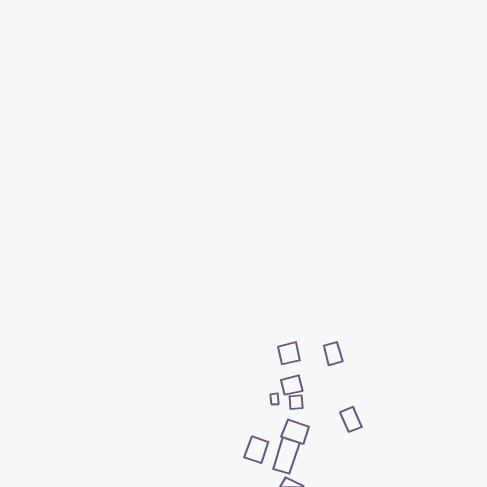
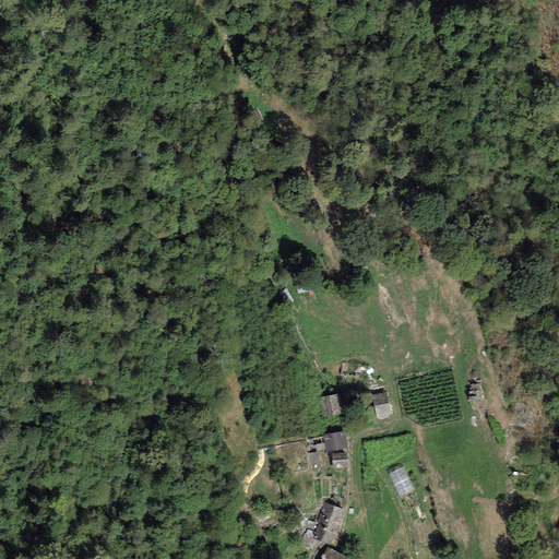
building: [281,419,309,444] -> none
building: [244,436,268,463] -> none

